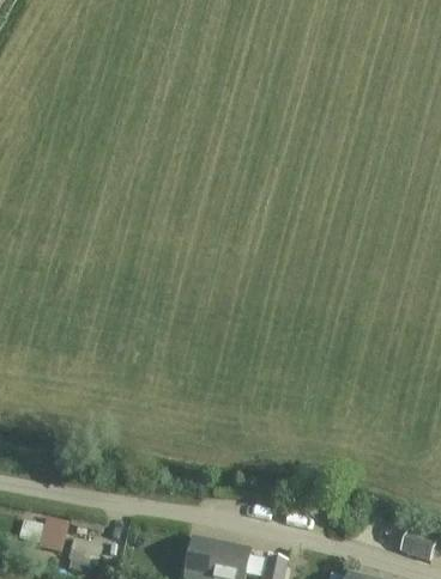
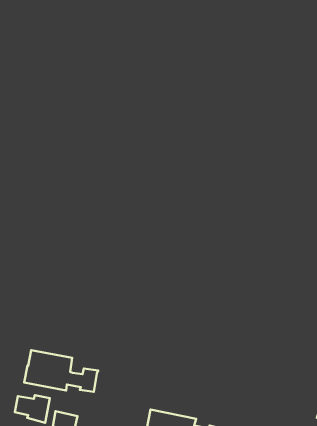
building: none -> [24,350,98,392]

